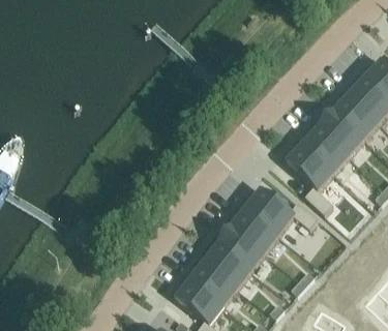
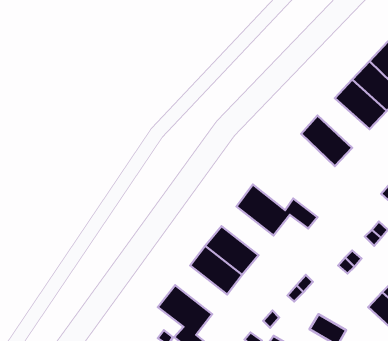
building: [318,112,364,156] -> none
building: [287,144,333,214] -> none
building: [232,209,278,252] -> none
building: [190,262,237,305] -> none

